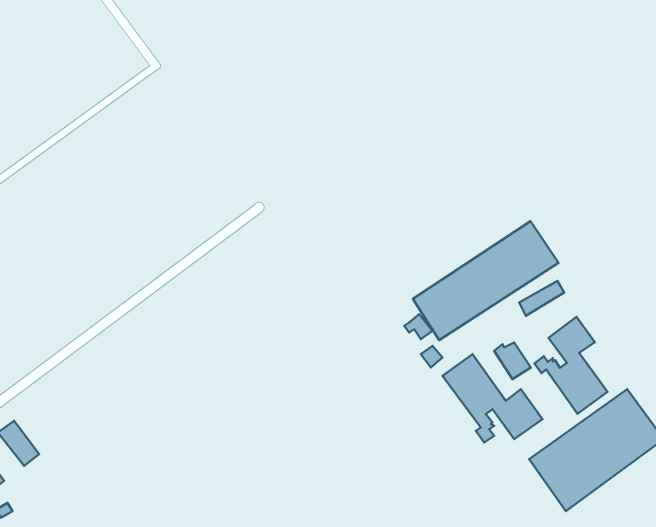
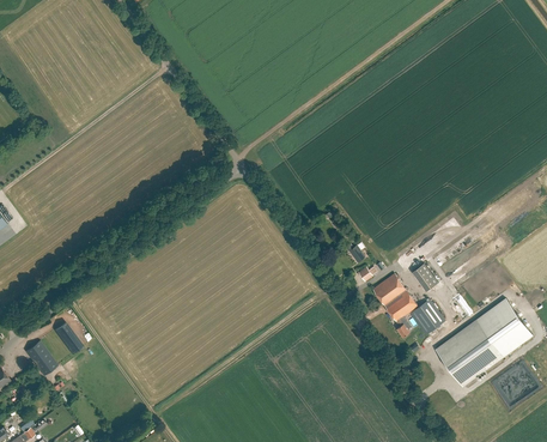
building: [413,221,558,340] -> none
building: [534,317,608,414] -> none

